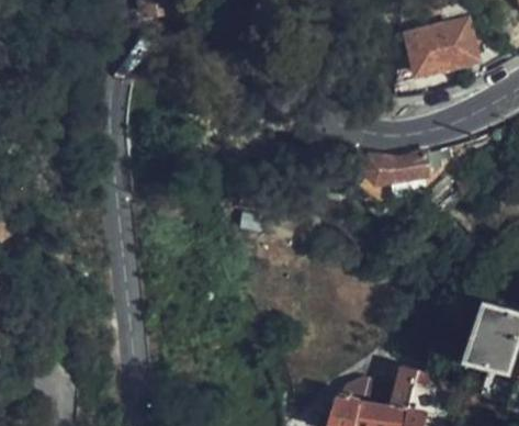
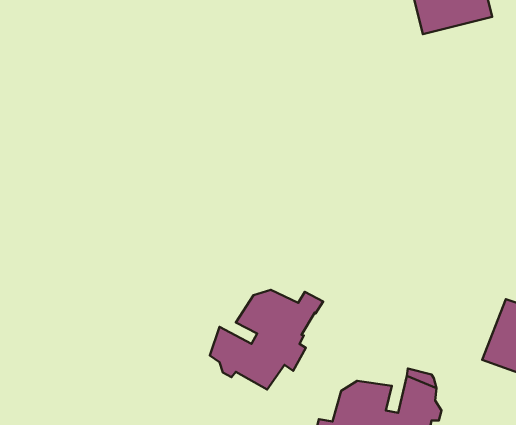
building: [365,150,450,182] -> none
building: none -> [210,290,323,390]

